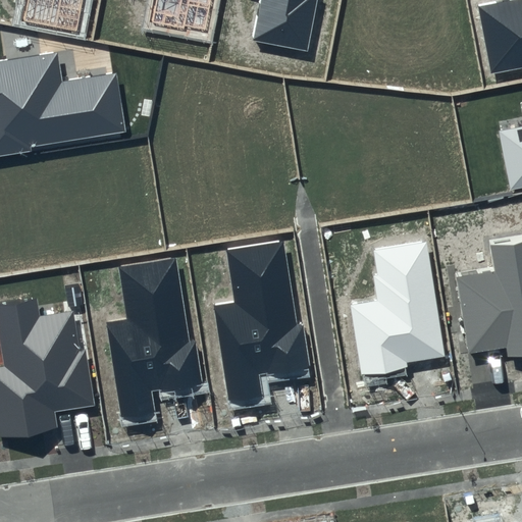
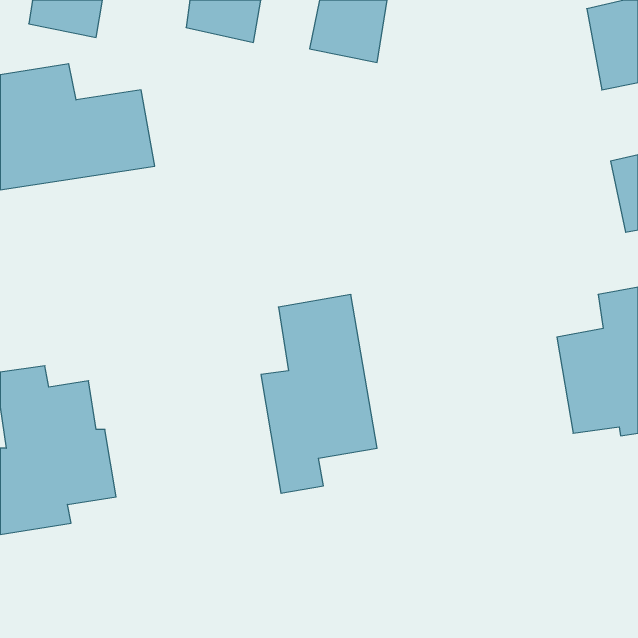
building: [351,242,445,372] -> none
building: [106,258,201,419] -> none

